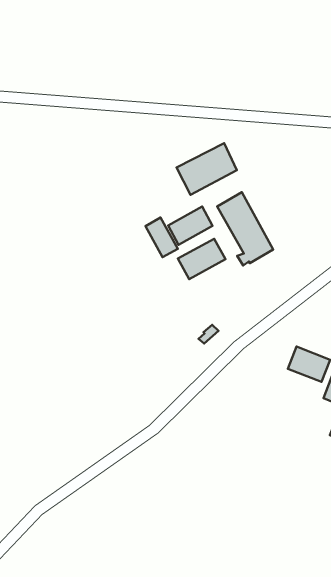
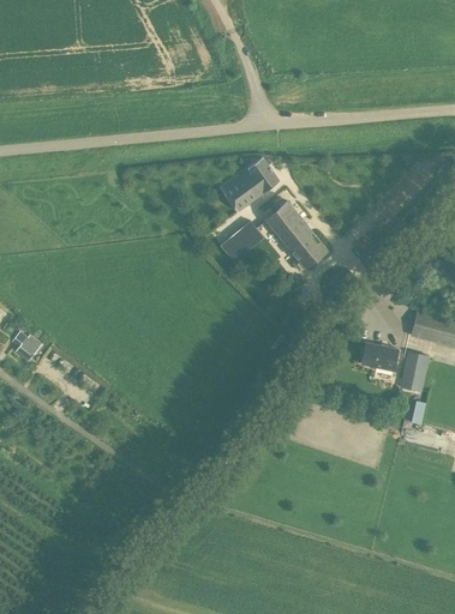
building: [145,218,178,257] -> none
building: [178,239,225,279] -> none

